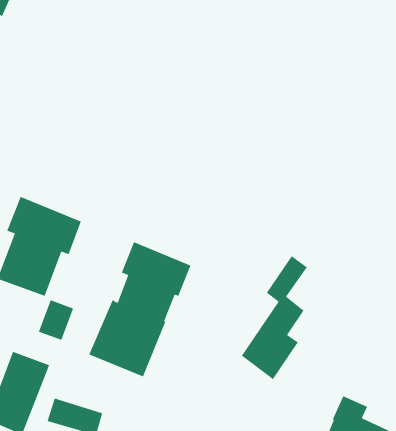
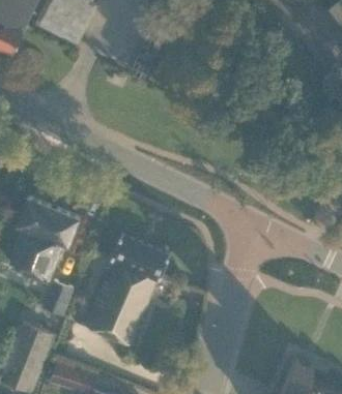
building: [241,255,308,380] -> none

